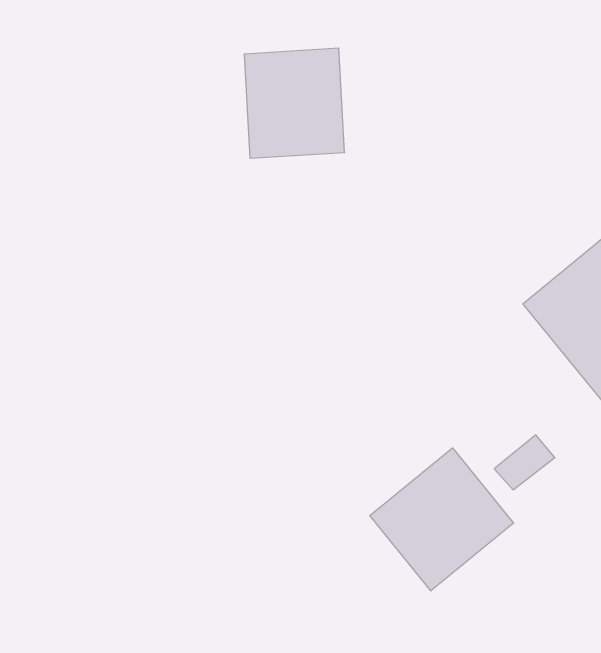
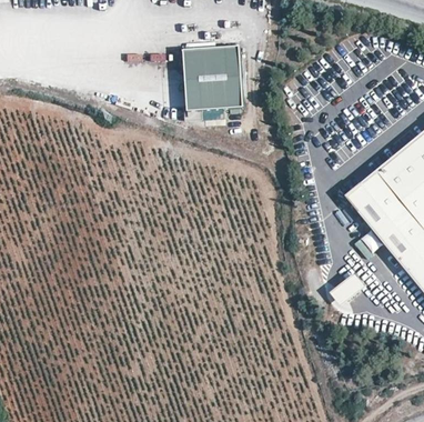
building: [370,448,514,591] -> none

